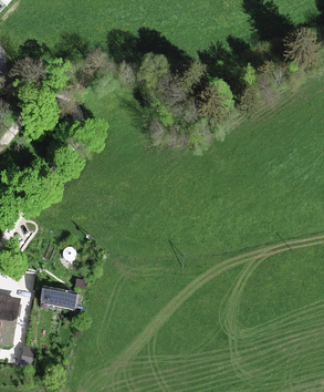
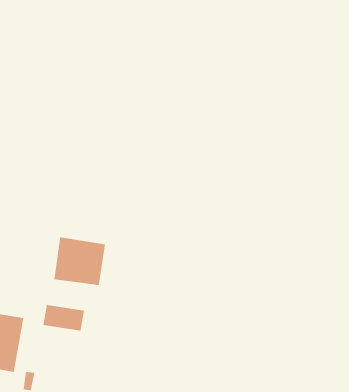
building: none -> [54,237,106,286]

